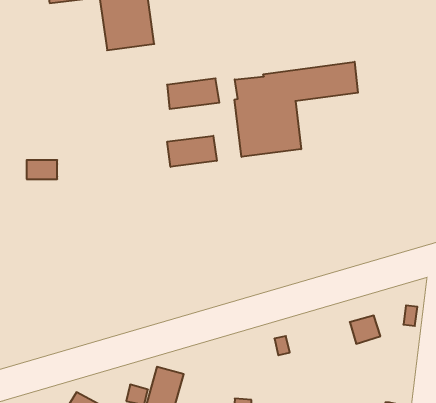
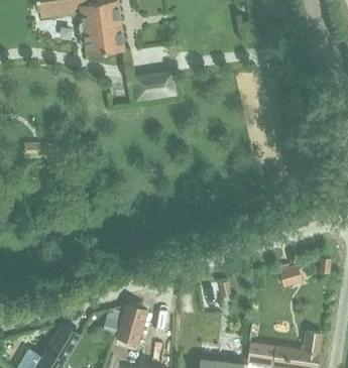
building: [235,62,358,157] -> none
building: [167,136,217,167] -> none

